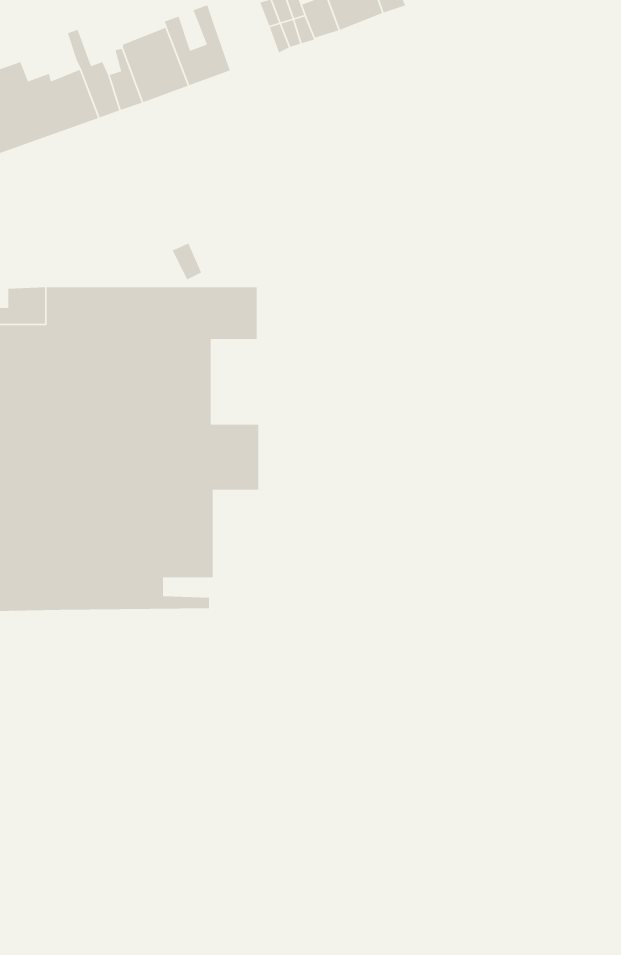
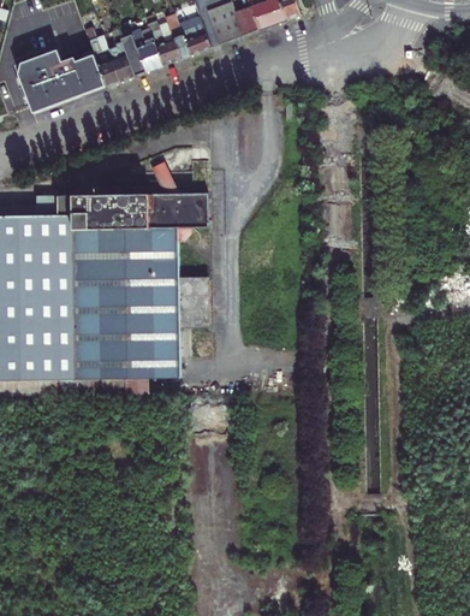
building: none -> [177,17,208,55]

